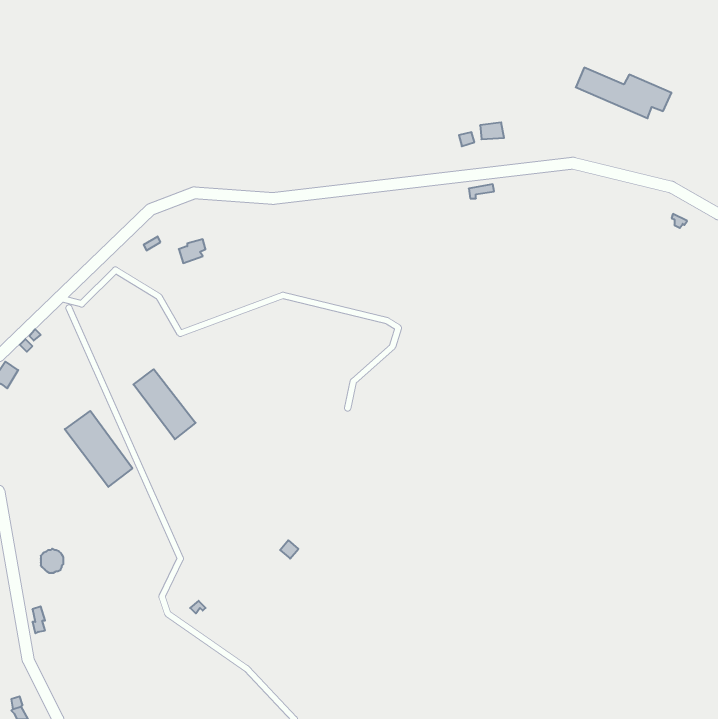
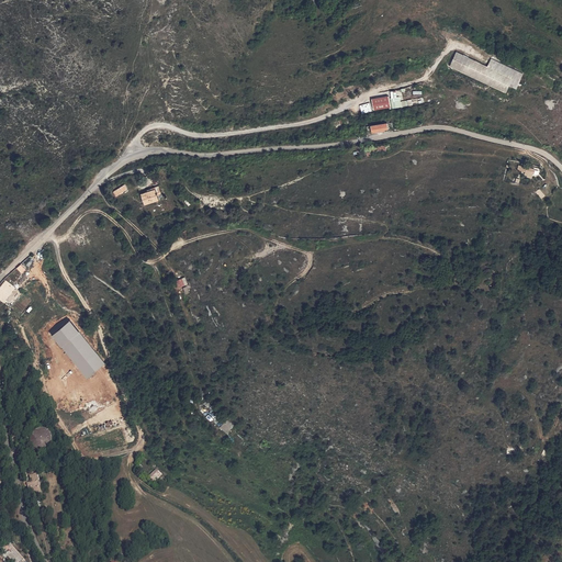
building: [133,369,196,439] -> none

